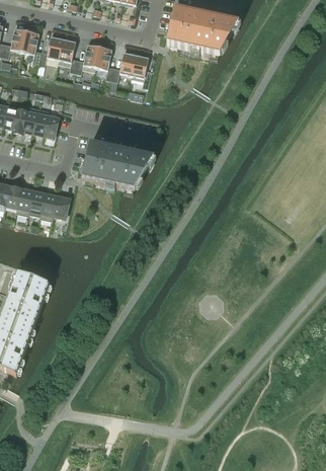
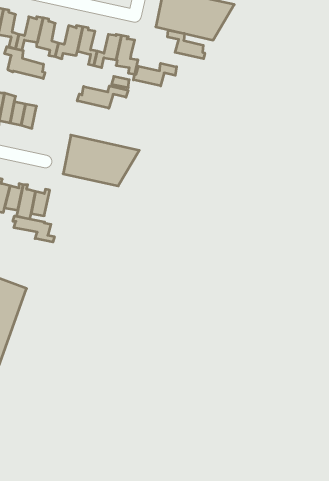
building: none -> [168,30,205,59]
building: none -> [5,47,45,79]
building: none -> [133,63,177,86]
building: none -> [77,86,128,108]
building: none -> [13,216,54,242]

